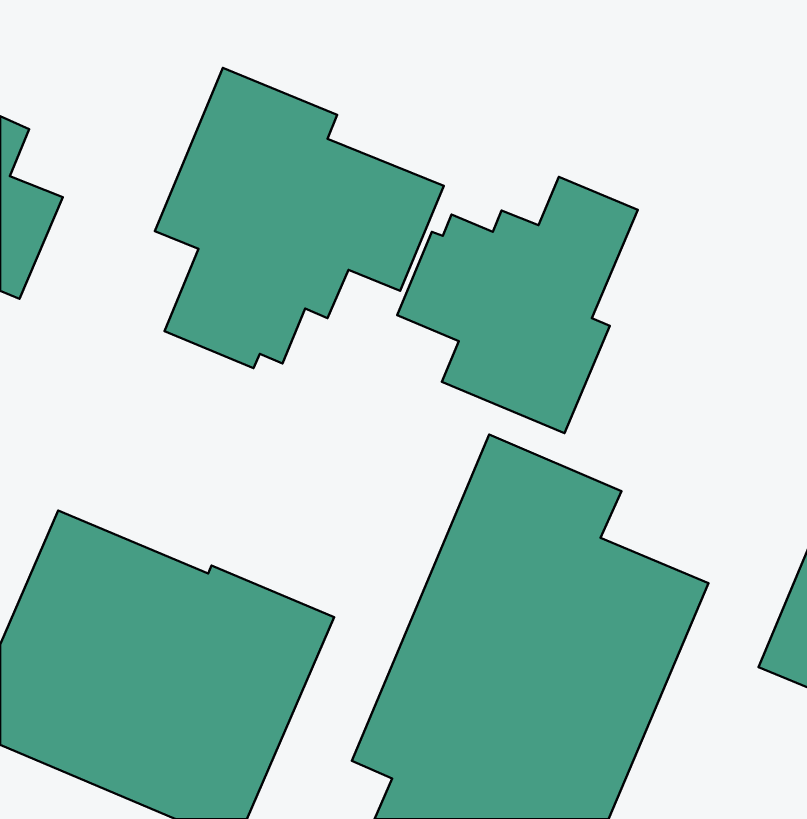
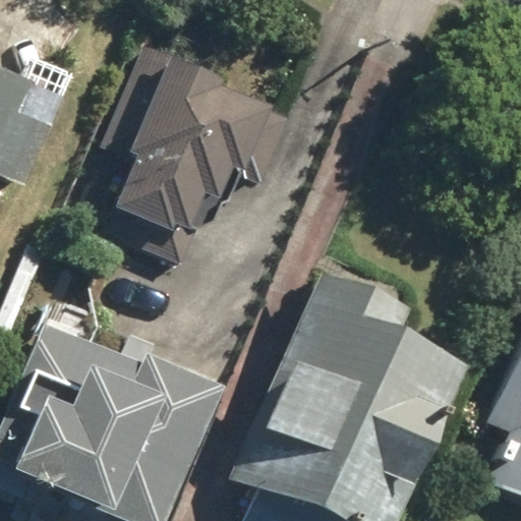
building: [397,177,638,433] -> none

